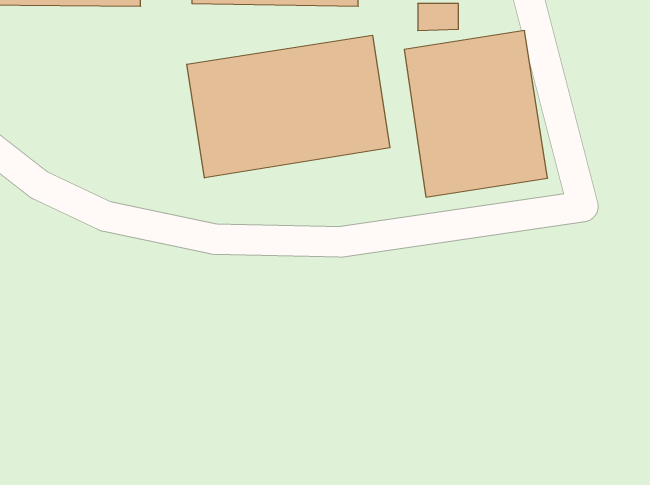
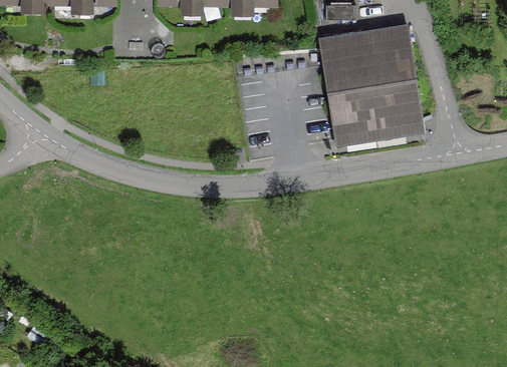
building: [187,35,390,178] -> none

